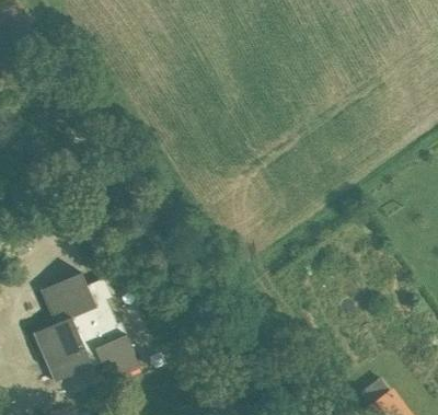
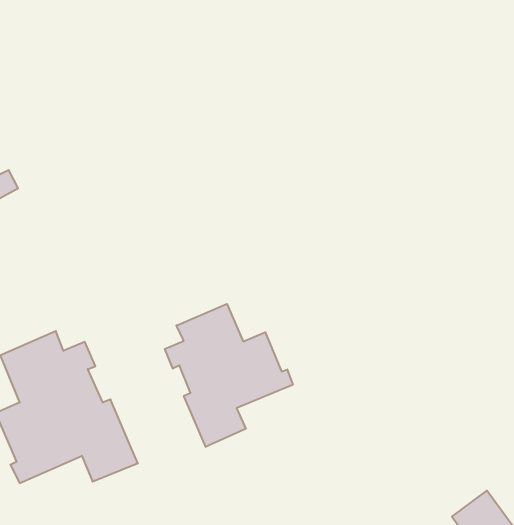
building: none -> [165,304,293,447]

